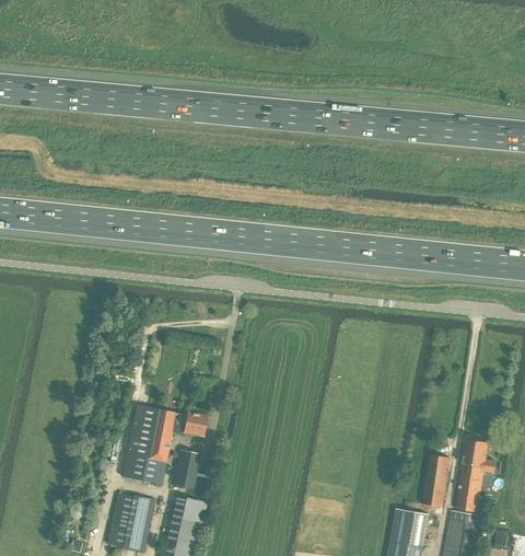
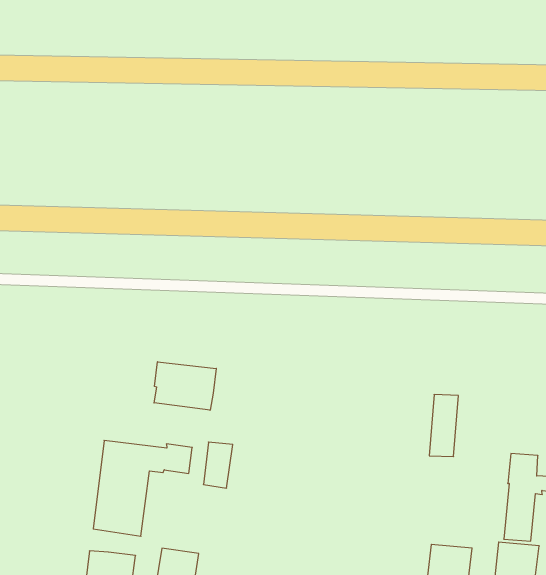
building: none -> [154,362,216,410]
building: [174,450,200,488] -> [203,442,233,488]
building: [422,455,450,507] -> [429,395,458,457]

